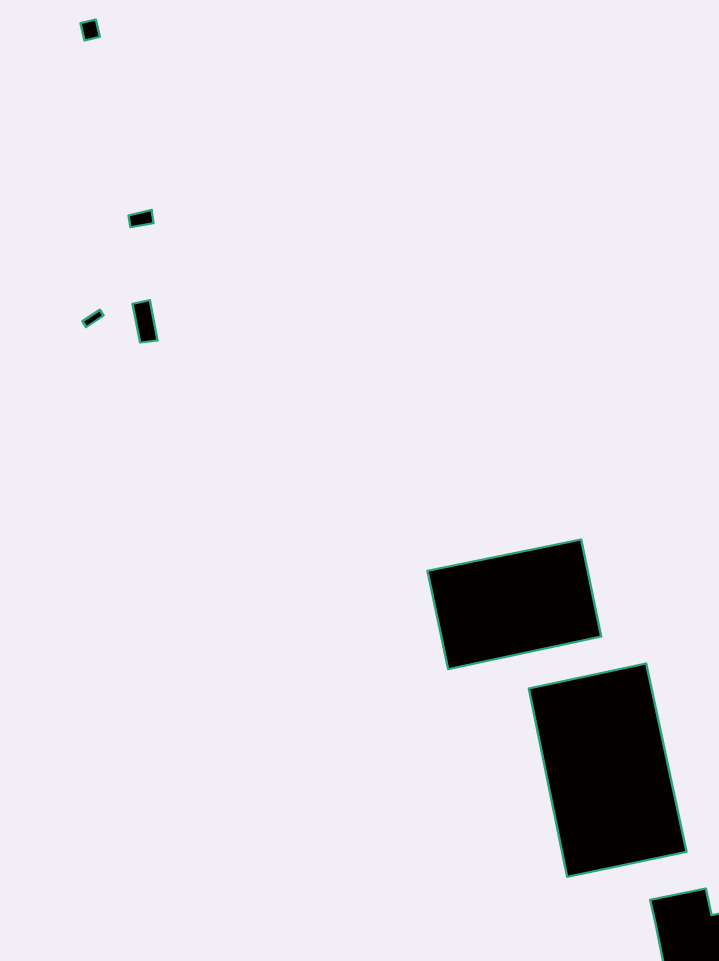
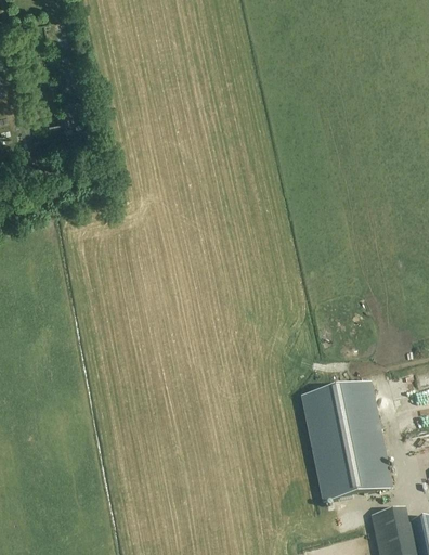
building: [427,539,601,669] -> none

